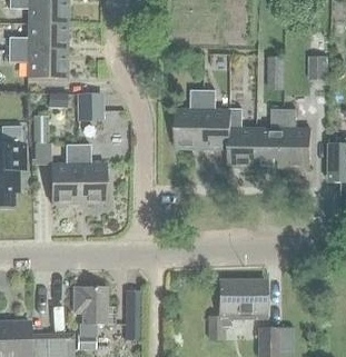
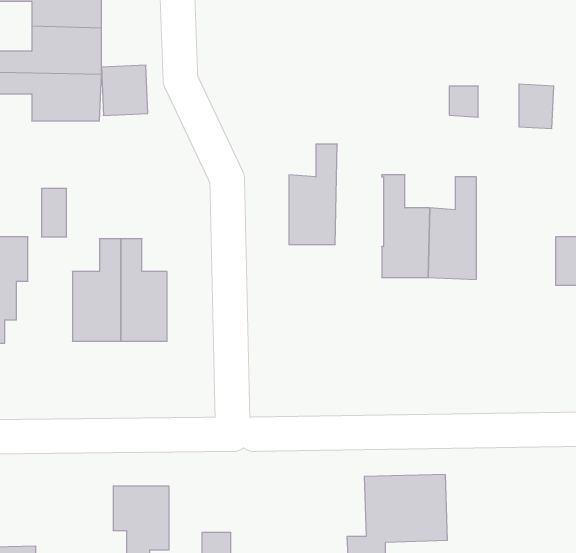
building: [202,90,230,149] -> none
building: [77,92,103,121] -> [101,65,148,115]
building: [284,109,312,168] -> none

